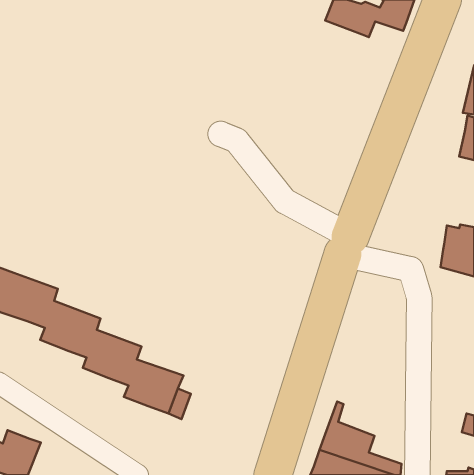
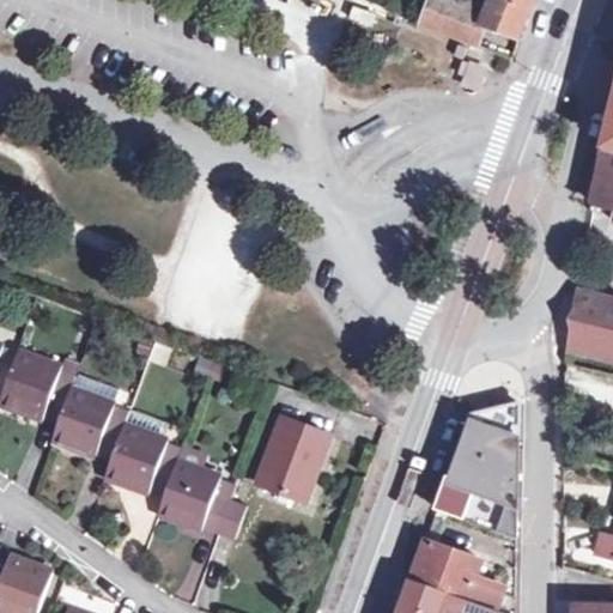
building: none -> [441,401,517,536]
building: none -> [254,417,327,502]

